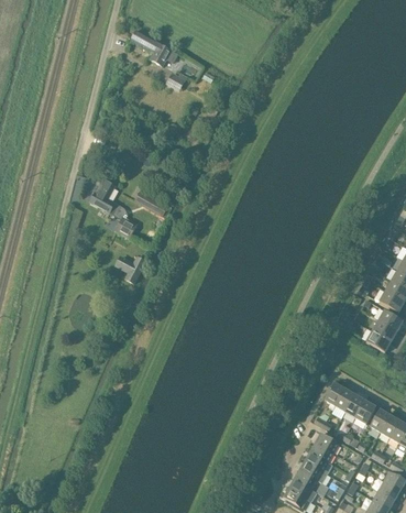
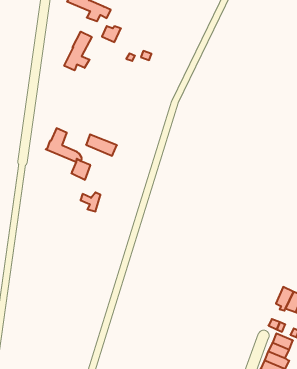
building: none -> [64,32,92,70]

